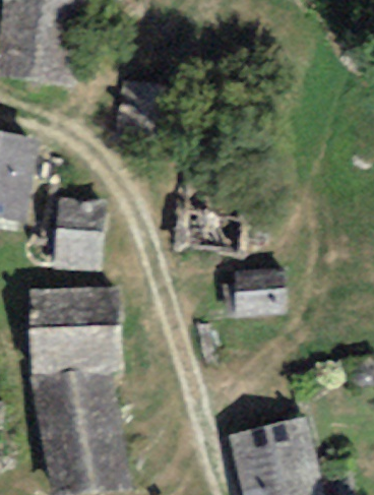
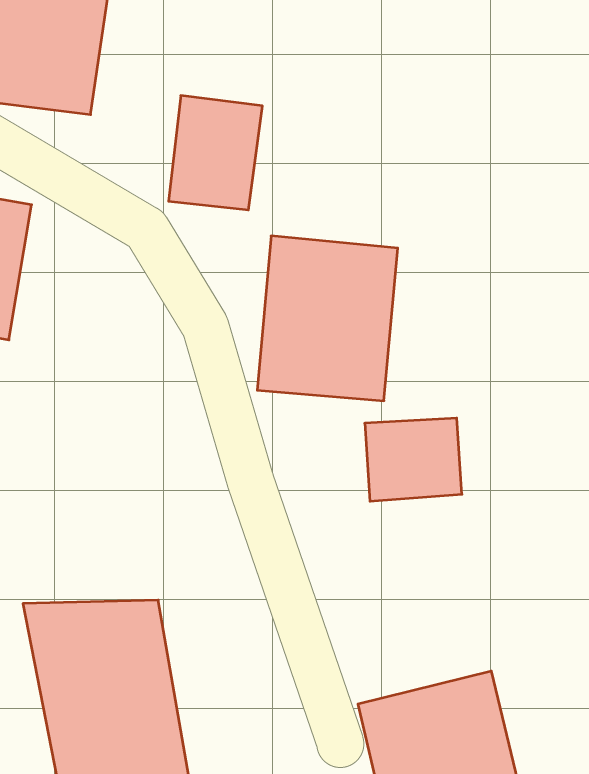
building: [53,198,101,270] -> none
building: [29,288,121,373] -> none

